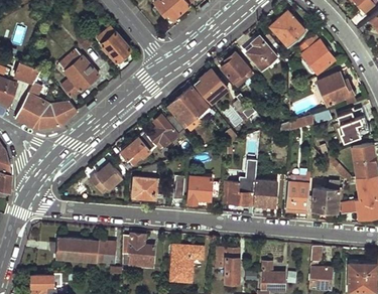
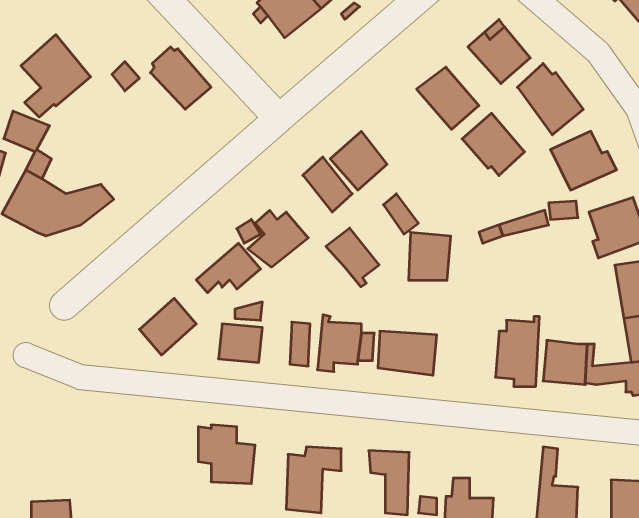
building: [59,50,98,96] -> [21,35,91,117]
building: [219,53,253,88] -> [462,113,525,176]
building: [167,97,197,129] -> [326,228,379,287]
building: [254,180,277,206] -> [409,232,451,280]
building: [55,239,116,263] -> none

